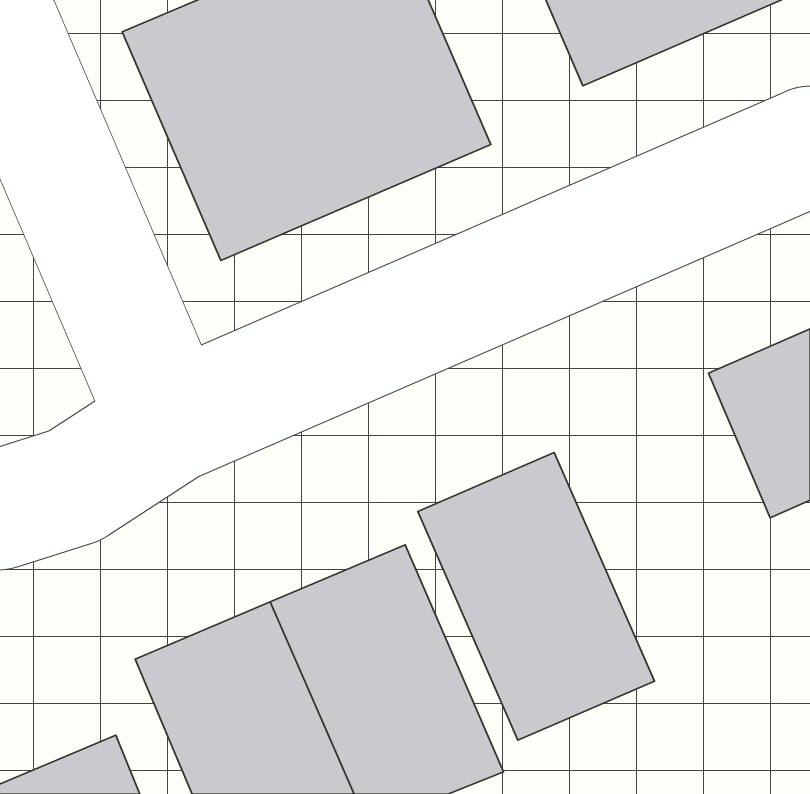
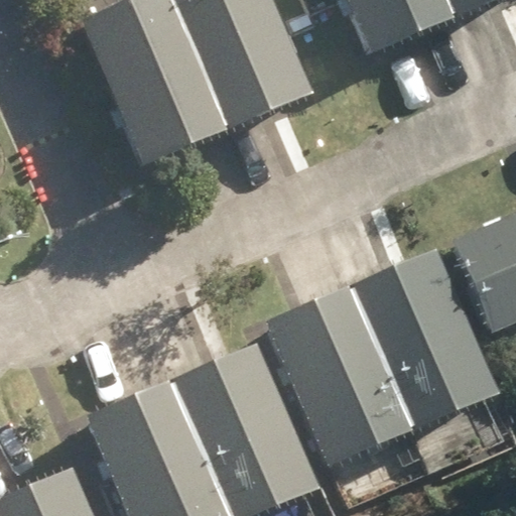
building: none -> [352,251,500,432]

